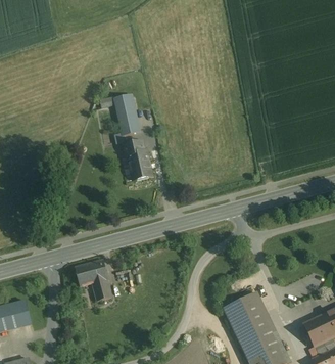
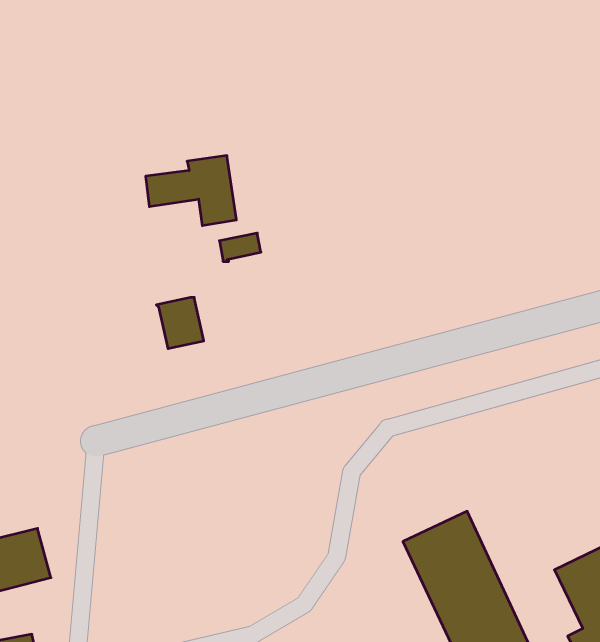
building: [129,150,154,178] -> [156,297,204,349]
building: [77,259,114,301] -> none

